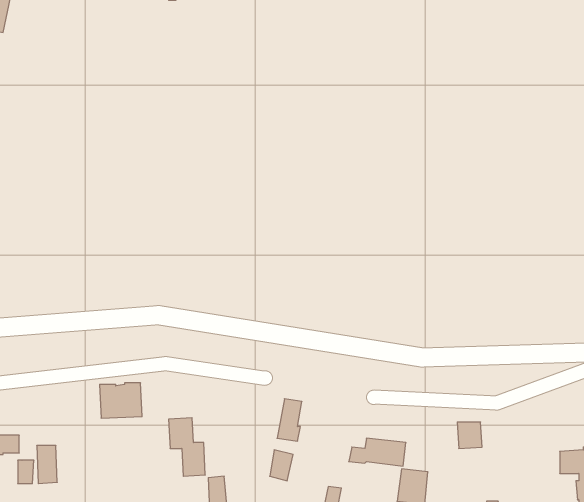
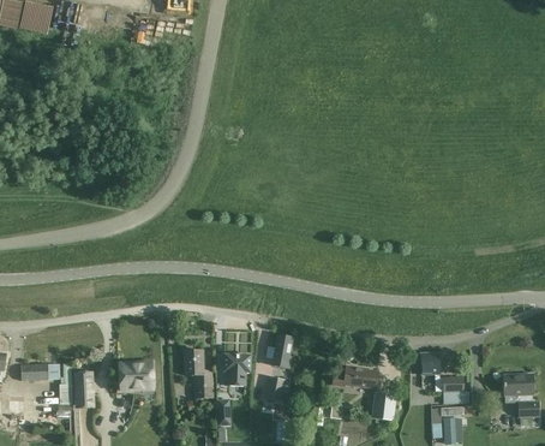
building: [100,383,142,418] -> [116,361,151,389]
building: none -> [222,353,247,385]
building: none -> [441,375,466,403]

